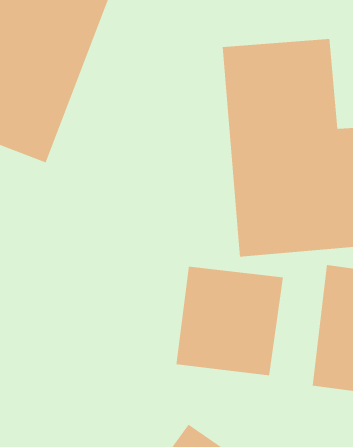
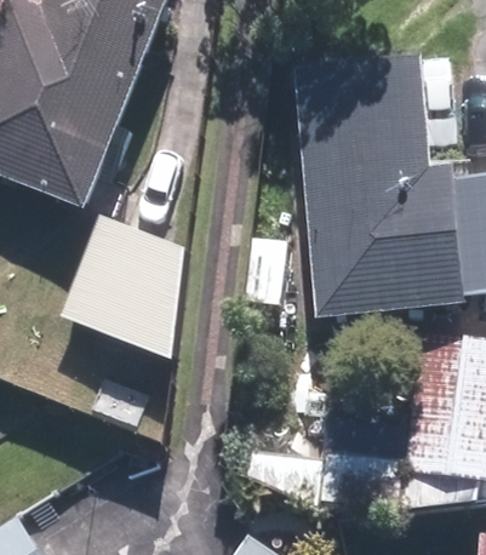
building: none -> [56,213,183,373]
building: [176,266,284,376] -> none

